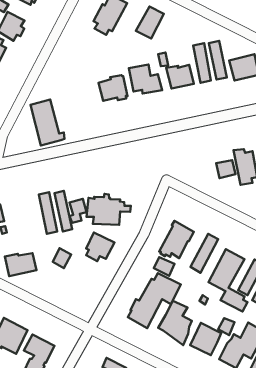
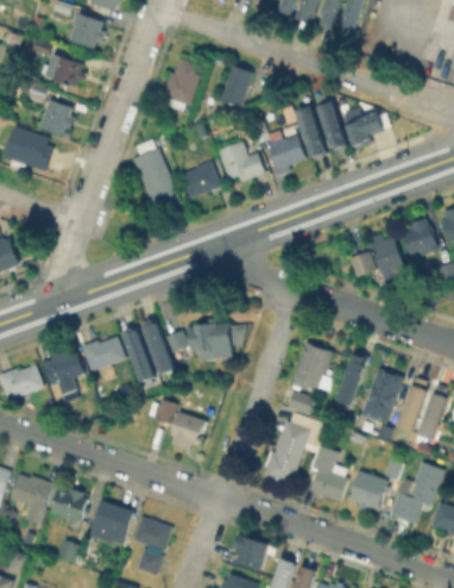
building: [30,100,65,146] -> [133,148,184,209]
building: [86,232,114,261] -> [171,412,207,449]
building: [5,253,37,276] -> [81,337,125,371]

